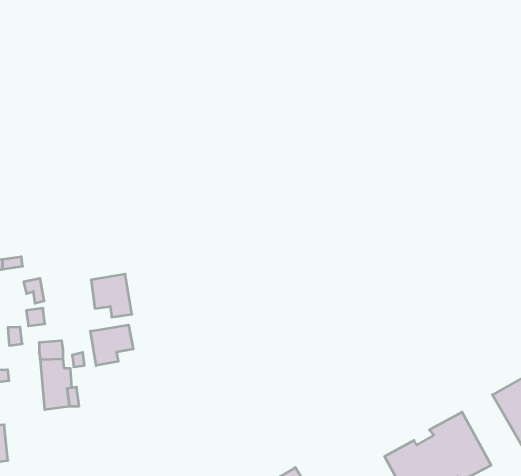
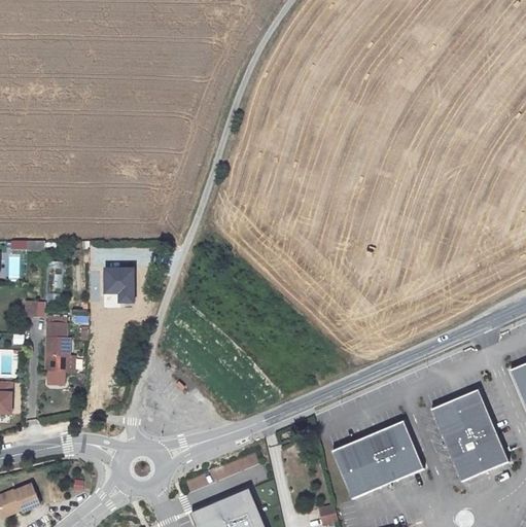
building: [90,325,133,366] -> none

